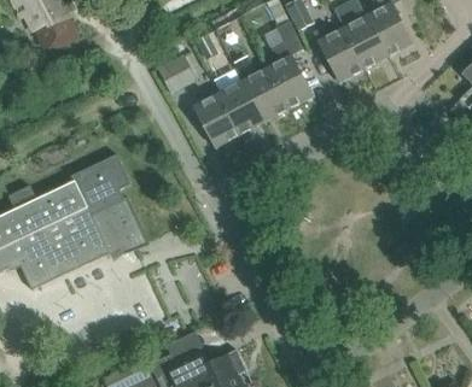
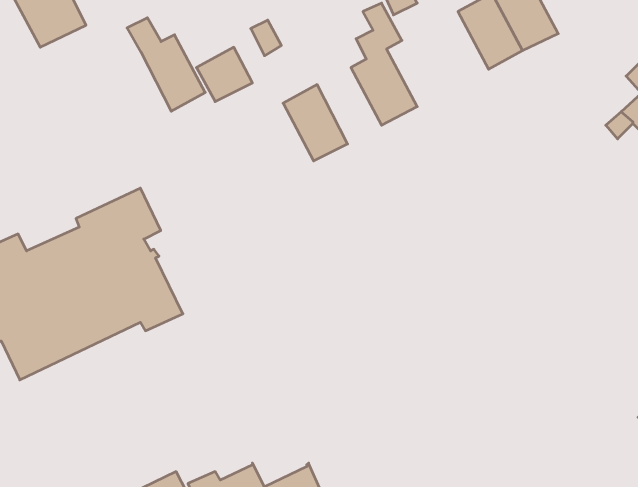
building: [314,25,365,82] -> none
building: [233,55,289,122] -> [127,18,205,111]
building: [193,93,240,147] -> none

